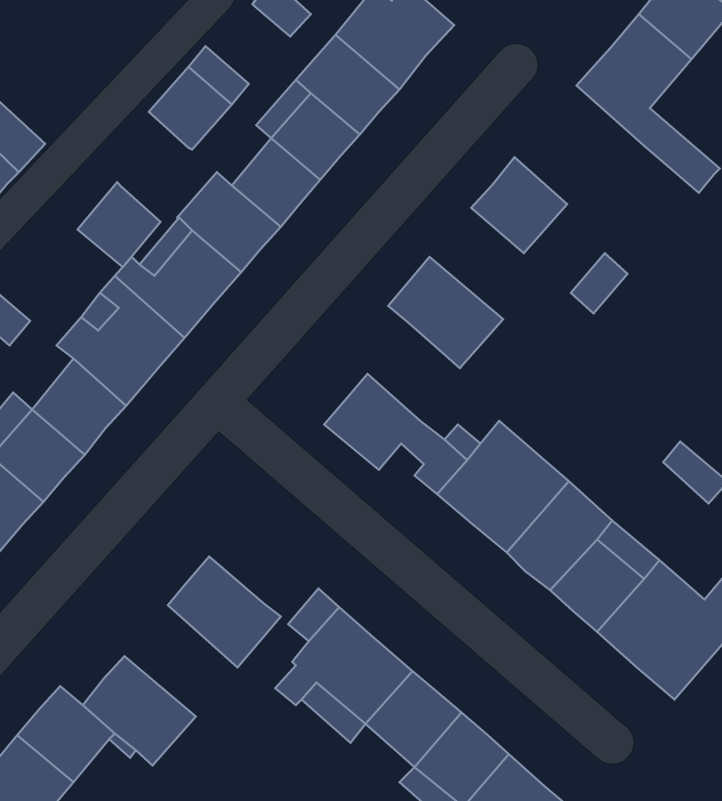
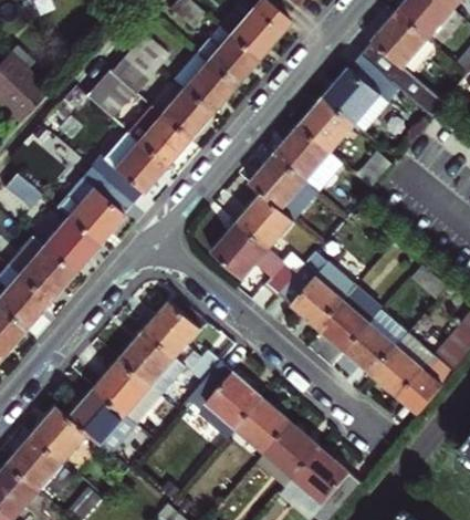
building: none -> [324,54,400,132]
building: [78,182,161,267] -> [84,67,133,117]
building: none -> [274,126,342,191]
building: none -> [238,195,294,251]
building: none -> [145,302,202,358]
building: none -> [95,360,161,425]

